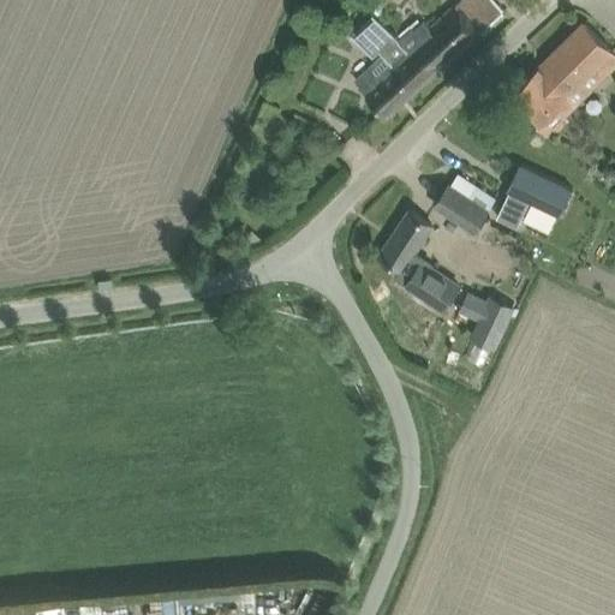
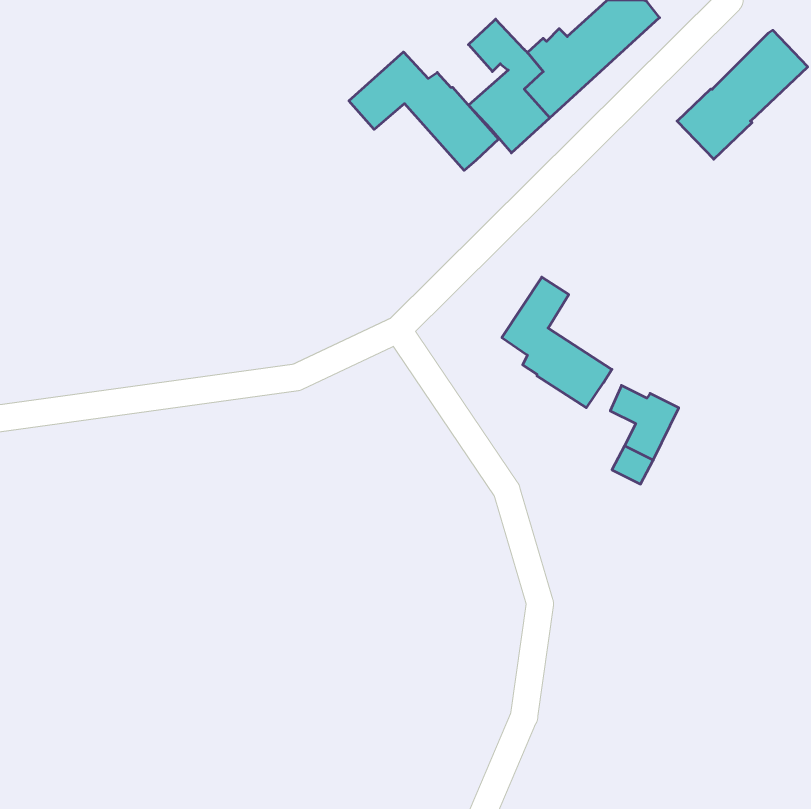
building: none -> [349,52,498,170]
building: [495,167,571,229] -> none
building: [434,184,486,229] -> none

